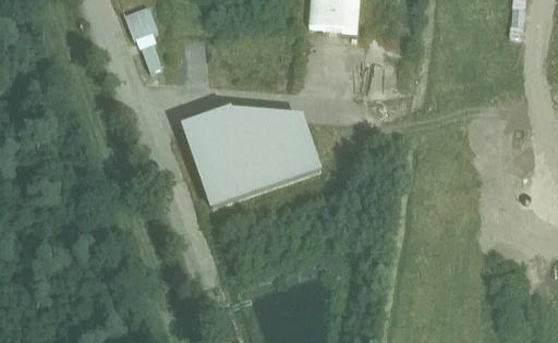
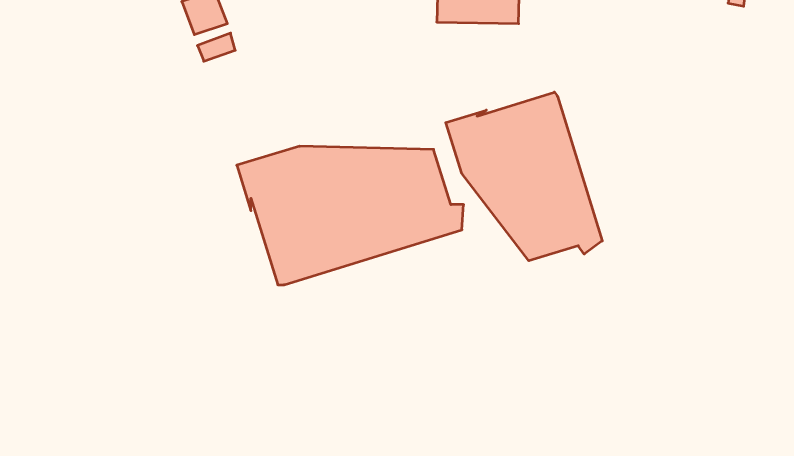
building: none -> [446,92,602,261]

